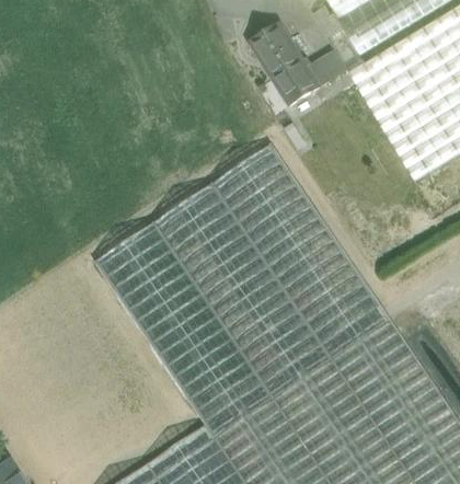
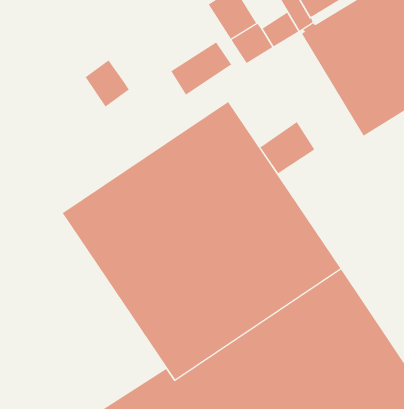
building: none -> [170,41,232,96]
building: none -> [85,59,130,108]
building: none -> [259,121,315,174]

